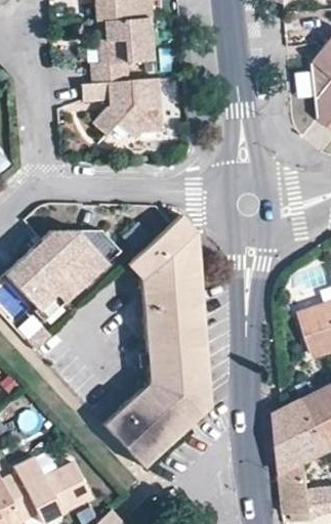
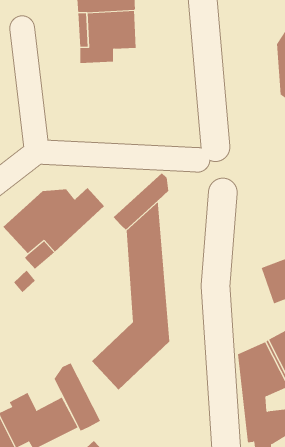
building: [83,82,161,140] -> none
building: [137,229,209,464] -> none
building: none -> [54,363,101,431]

